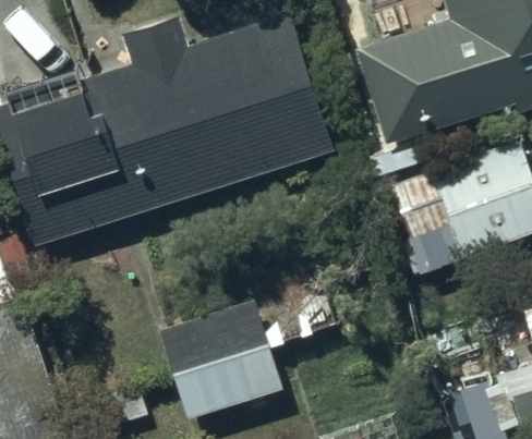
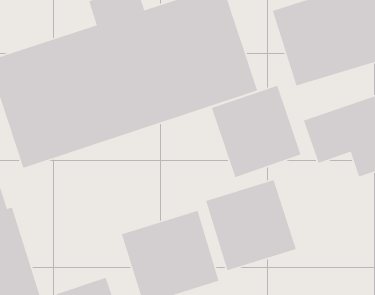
building: none -> [211,85,301,178]
building: none -> [205,179,297,271]

